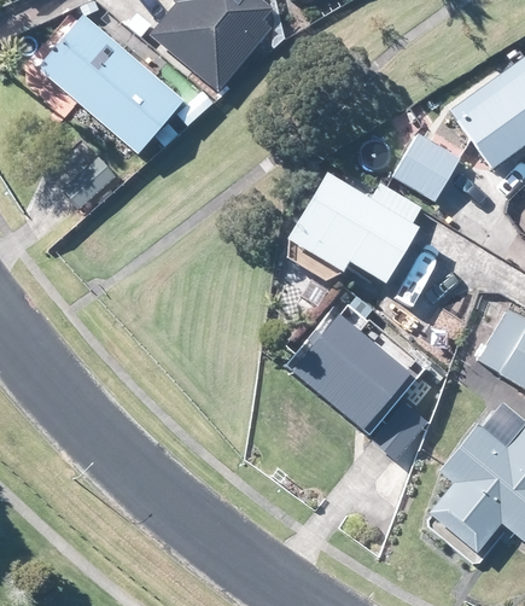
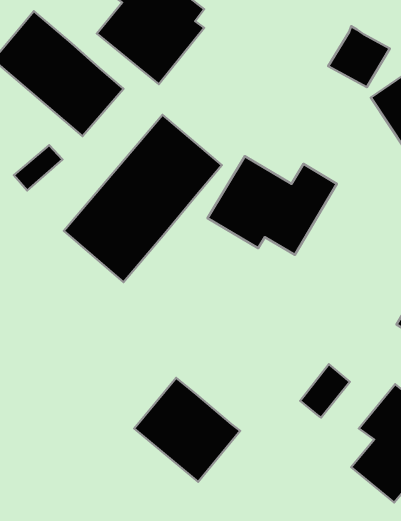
building: none -> [64,115,222,282]
building: [395,133,462,199] -> [328,26,390,87]
building: [292,315,408,429] -> [134,378,240,482]

